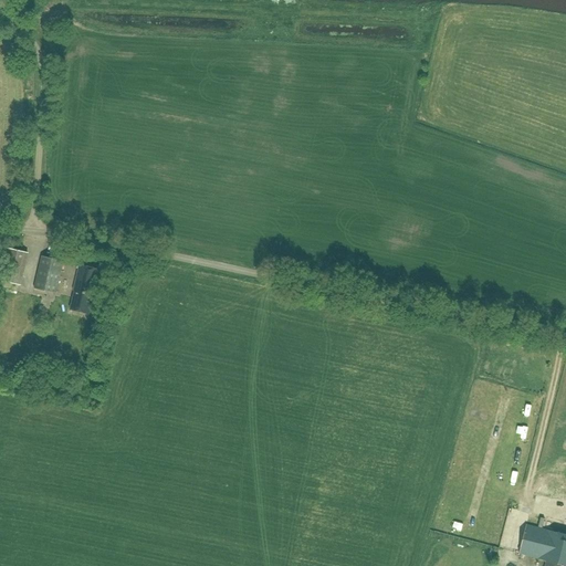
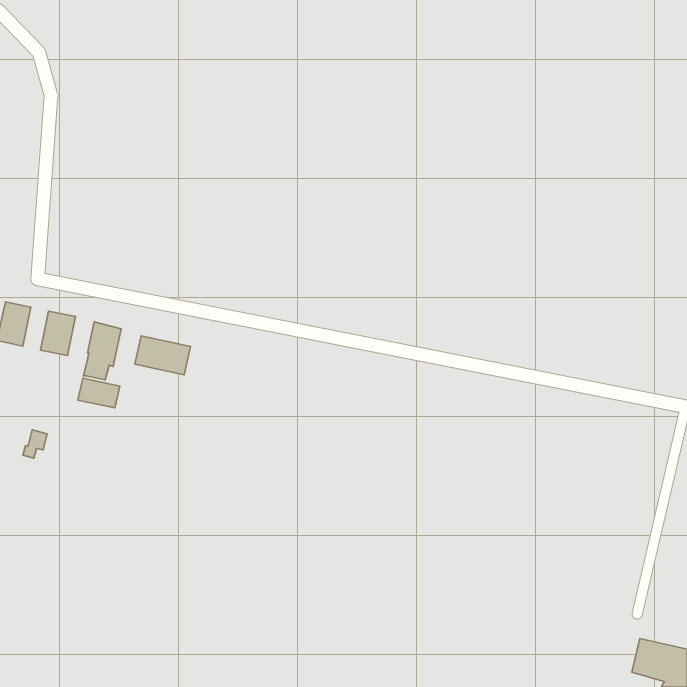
building: none -> [135,336,191,375]
building: none -> [78,378,120,408]

